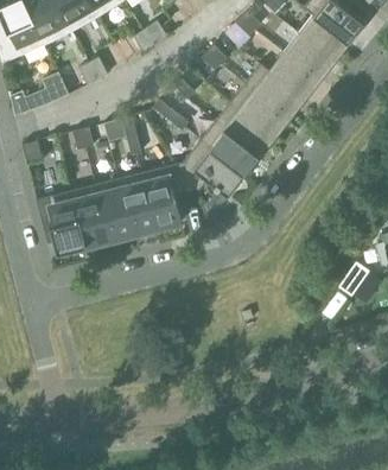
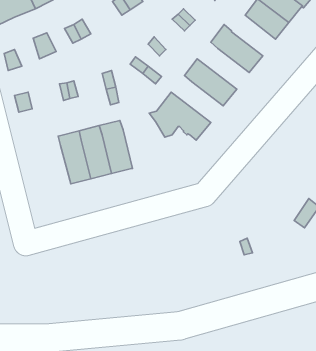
building: [268,53,318,100] -> none
building: [229,84,288,138] -> none
building: [199,122,259,176] -> none
building: [141,165,192,231] -> none
building: [36,191,85,253] -> none

